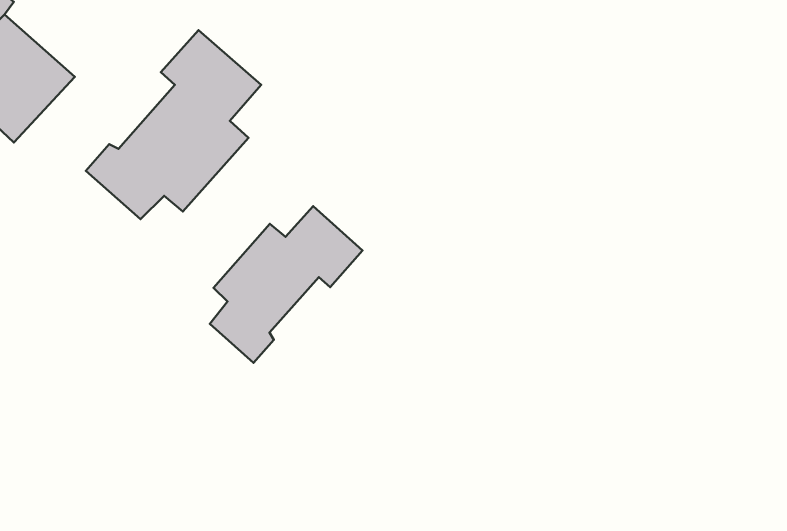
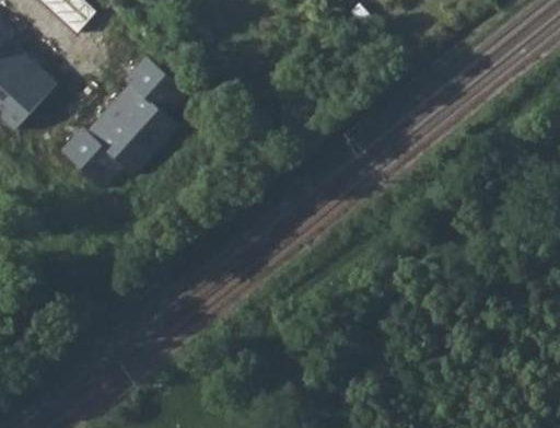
building: [210,206,362,363] -> none

